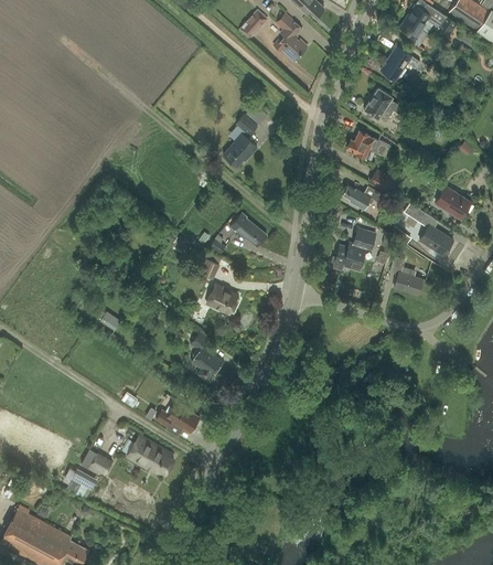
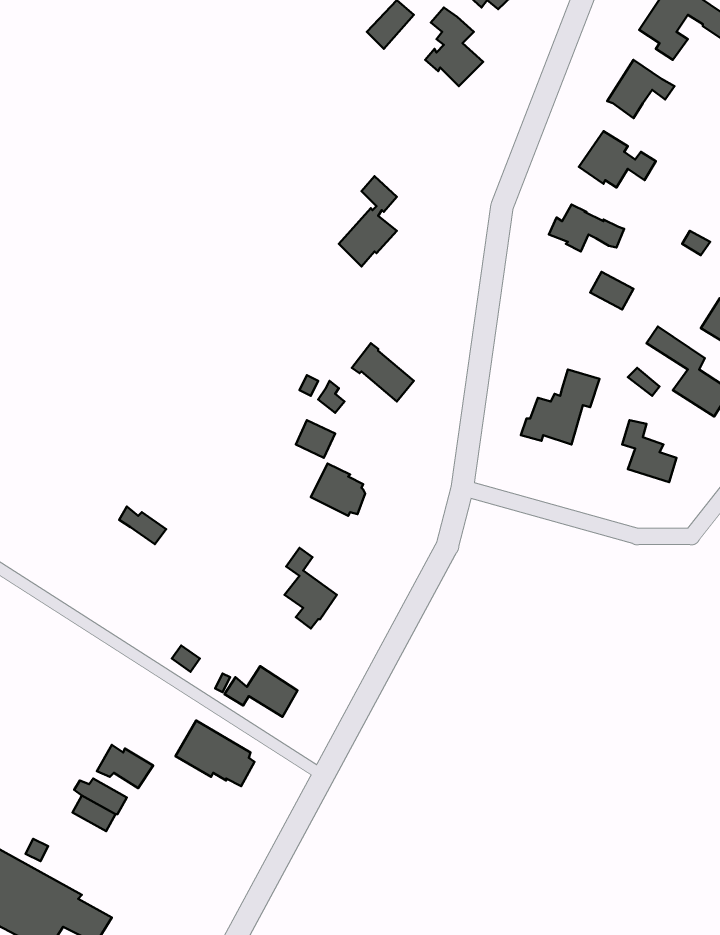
building: [343,186,384,210] -> none

